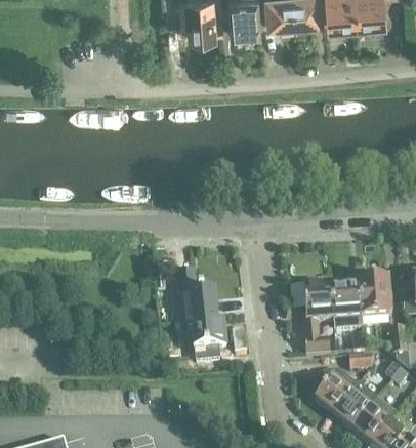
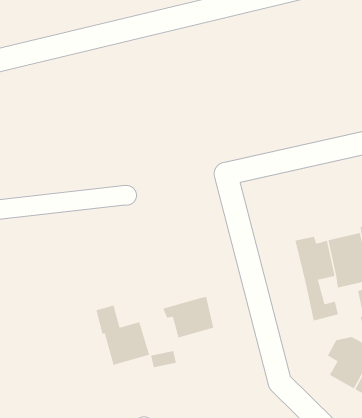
building: [176,271,216,322] -> [96,305,150,366]

